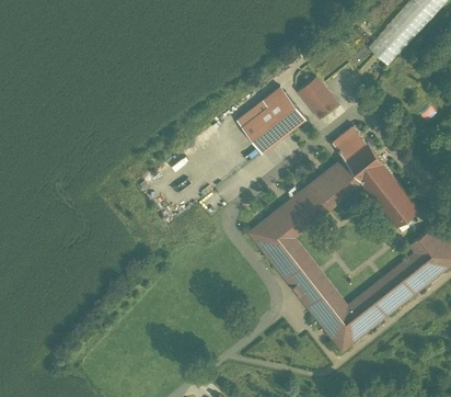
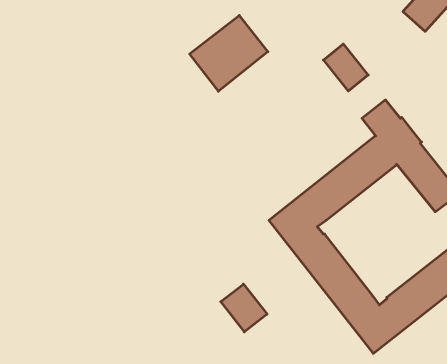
building: [235,86,304,152] -> [190,15,268,91]
building: none -> [221,284,267,332]

